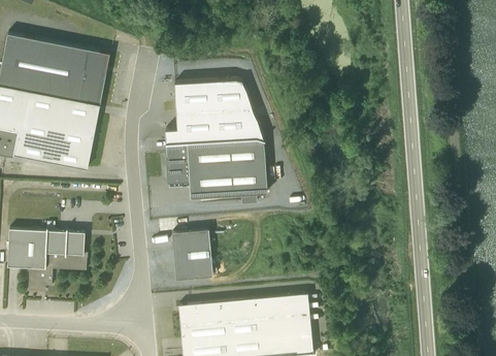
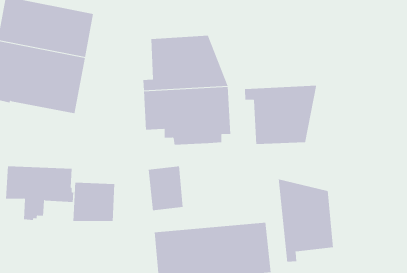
building: none -> [245,85,317,145]
building: none -> [278,179,334,263]
building: none -> [73,182,115,222]

